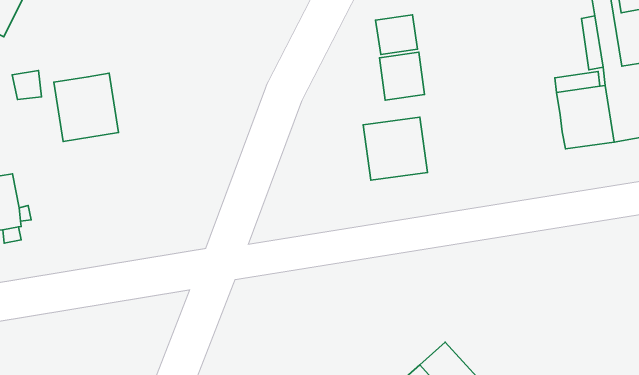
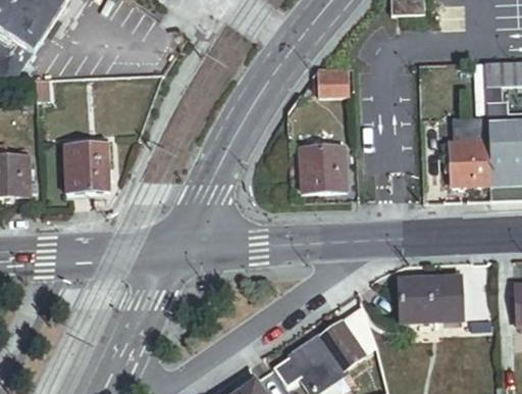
building: [380,52,424,100] -> none
building: [54,73,119,141] -> [65,142,110,190]
building: none -> [401,277,461,319]

